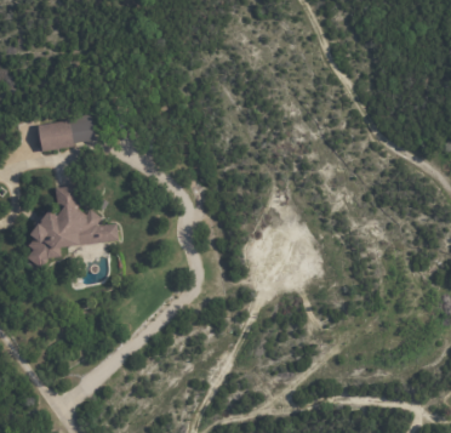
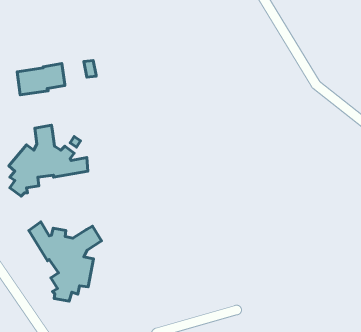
building: none -> [29,222,102,301]

